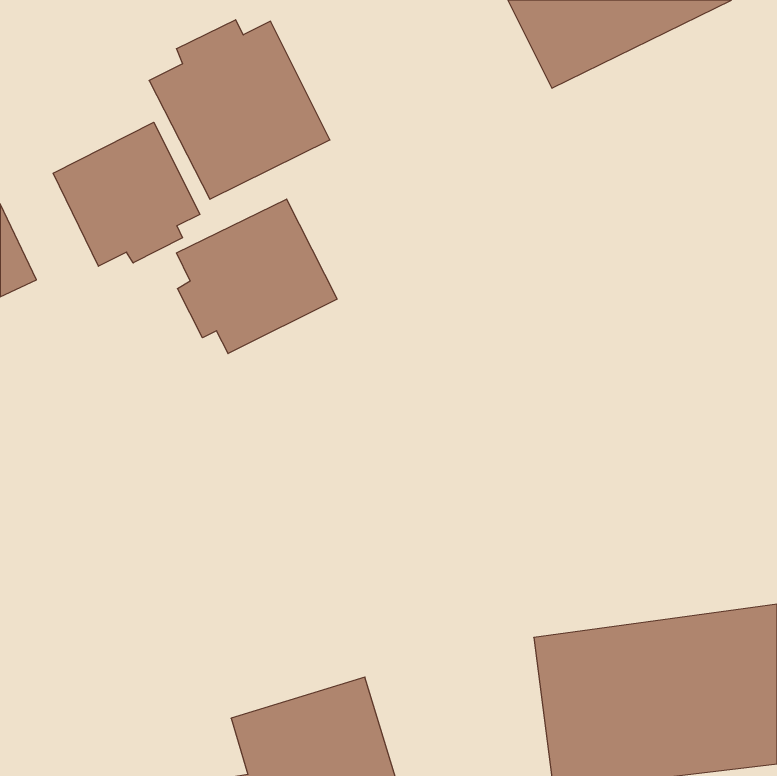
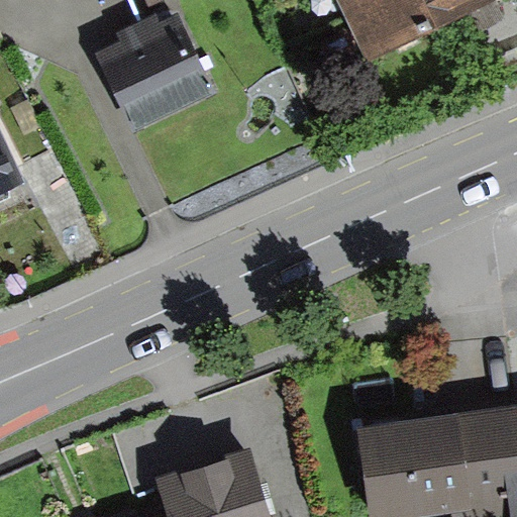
building: [53,122,200,266] -> none
building: [176,199,337,354] -> none

